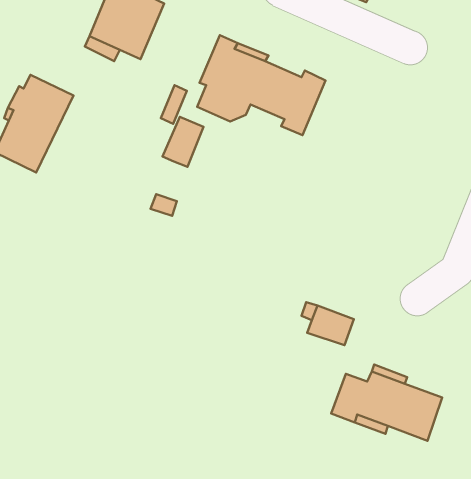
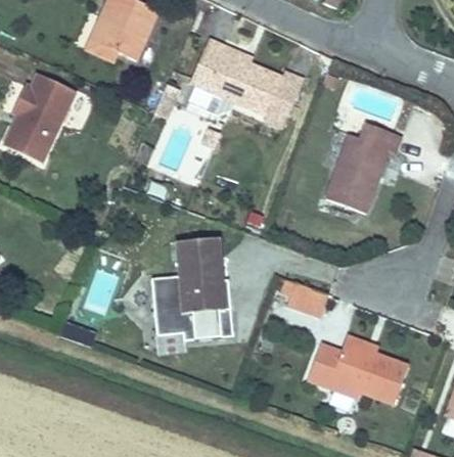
building: [162,117,204,167] -> none
building: none -> [325,123,402,212]
building: none -> [152,236,231,339]

